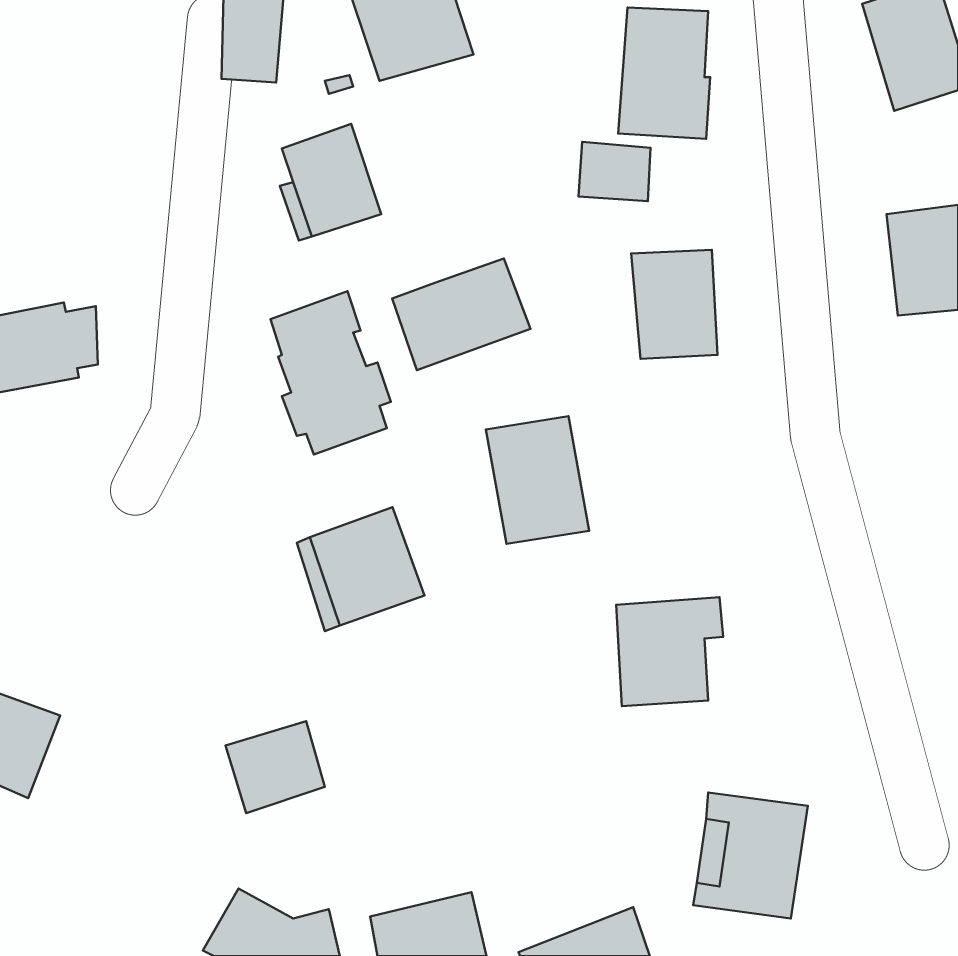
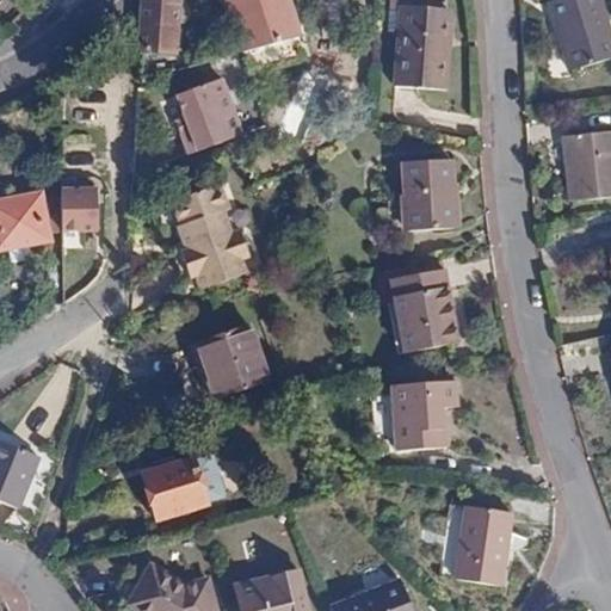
building: [578,142,650,201] -> none
building: [392,258,531,370] -> none
building: none -> [64,189,103,230]
building: [486,416,589,544] -> [393,269,458,350]

